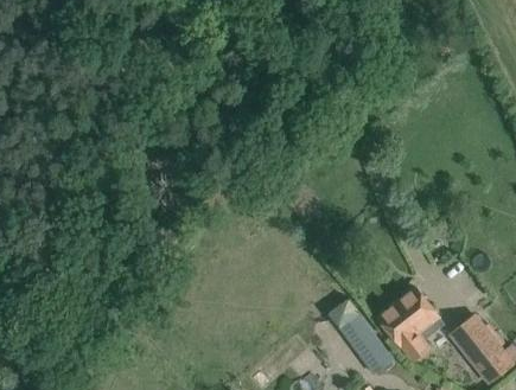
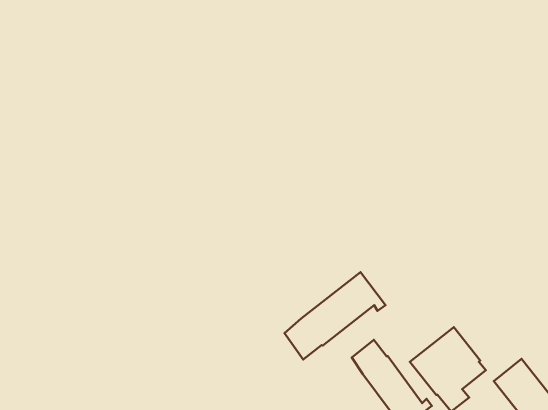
building: none -> [284,272,386,359]

